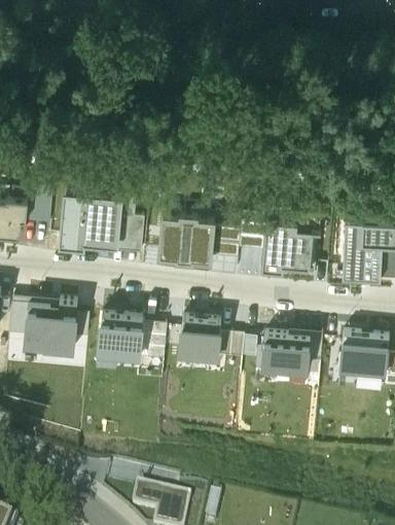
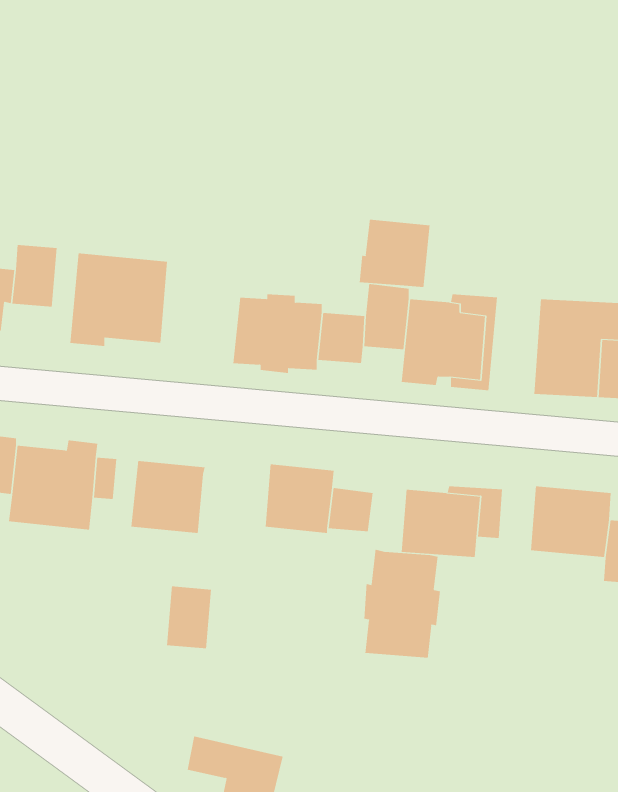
building: none -> [359,219,430,288]
building: [115,194,143,249] -> none
building: [138,326,166,364] -> [166,586,212,649]
building: none -> [364,549,441,659]

